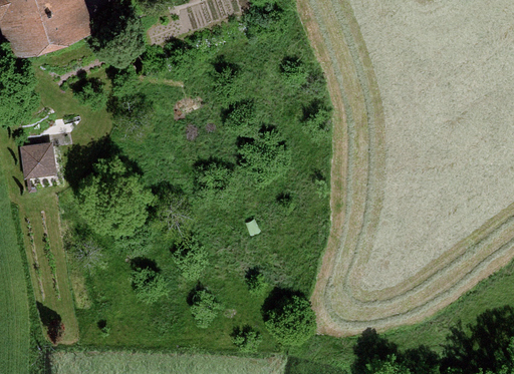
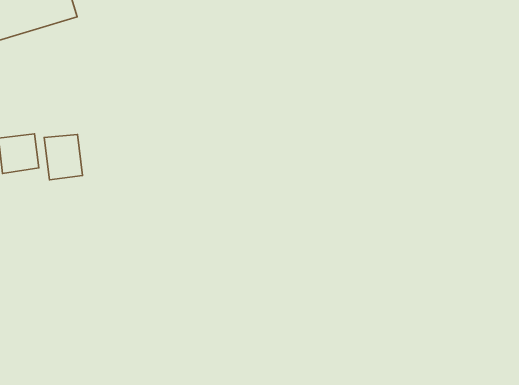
building: none -> [44,134,82,180]

